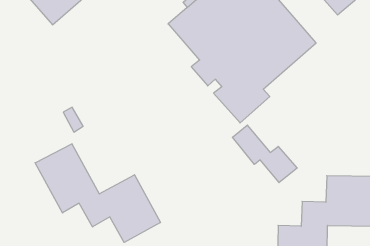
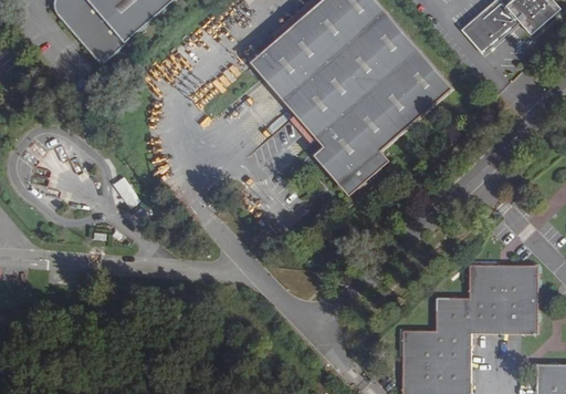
building: [232,125,297,183] -> none
building: [35,144,160,242] -> none

